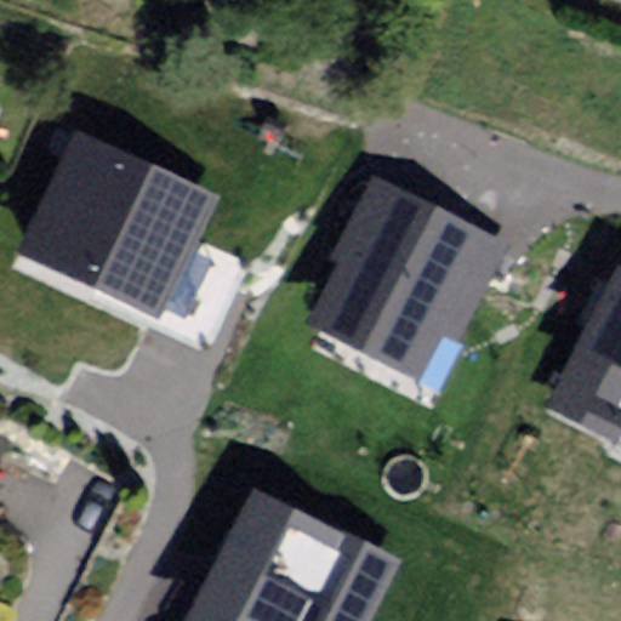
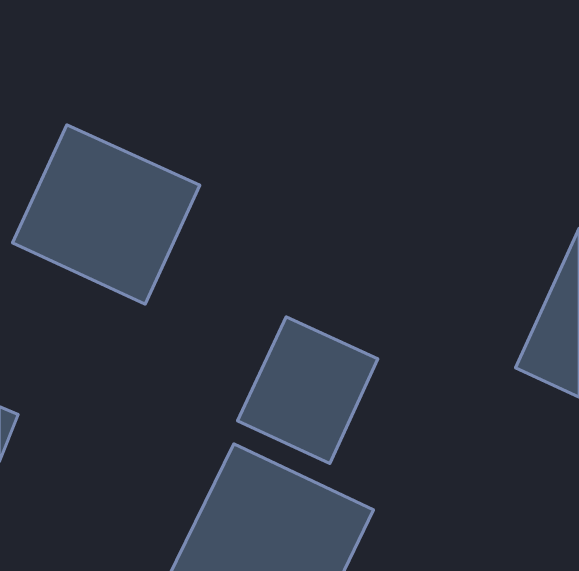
building: [304,176,503,384] -> none
building: none -> [238,317,378,463]

